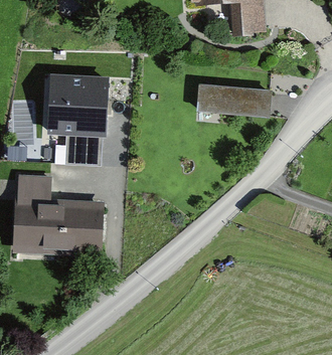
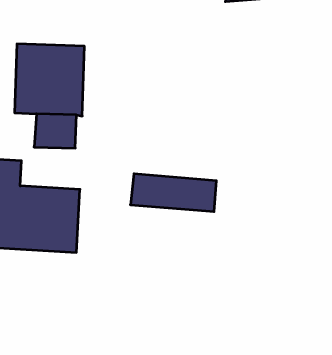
building: [195,83,271,117] -> [130,174,216,212]

